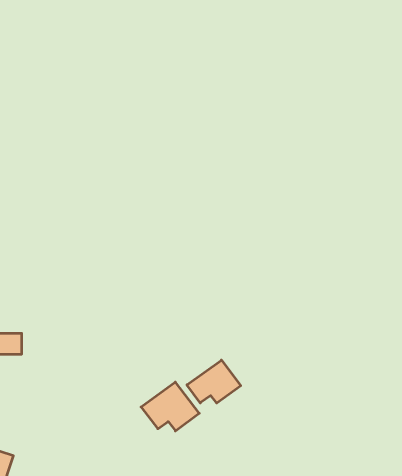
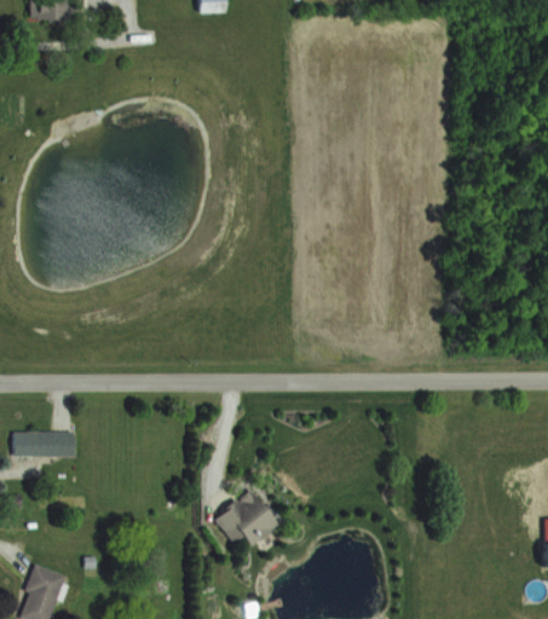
building: [187,360,241,403] -> none

